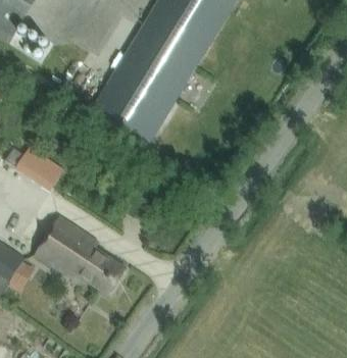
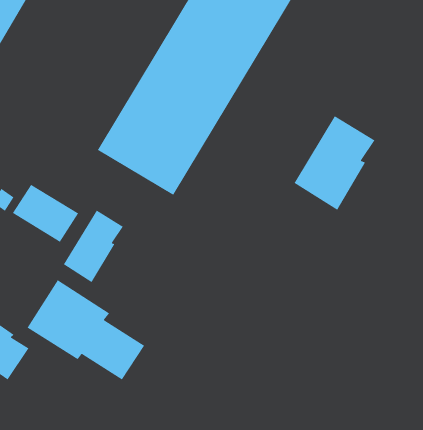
building: none -> [294,115,375,211]
building: none -> [63,209,124,283]

